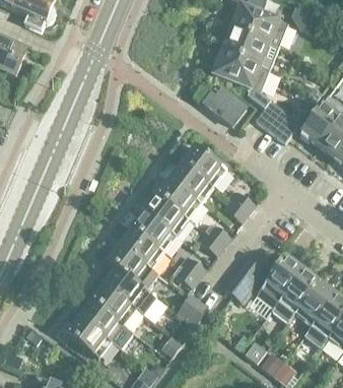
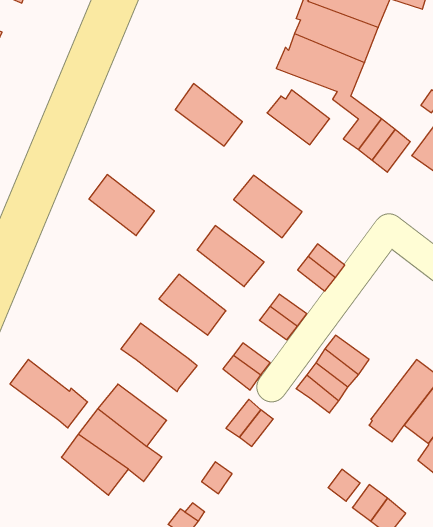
building: [169,160,214,202] -> [175,84,242,146]
building: [145,194,189,235] -> [89,175,154,236]
building: [120,227,164,267] -> none
building: [257,255,303,307] -> none
building: [105,267,156,313] -> [10,359,88,428]

